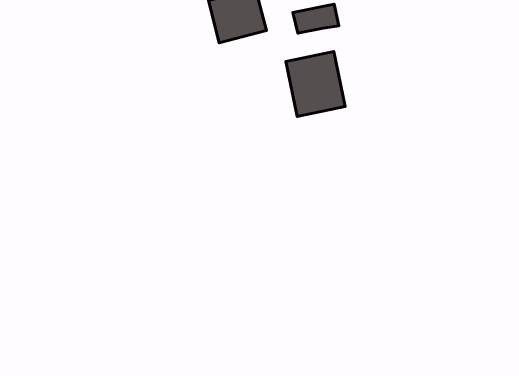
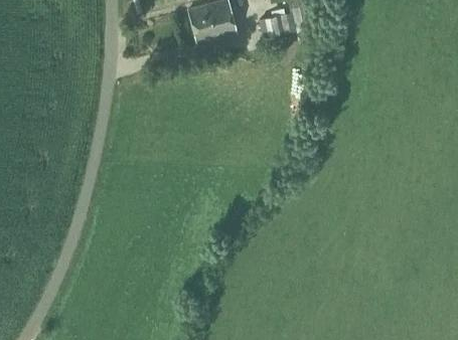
building: [286,52,345,117] -> none

